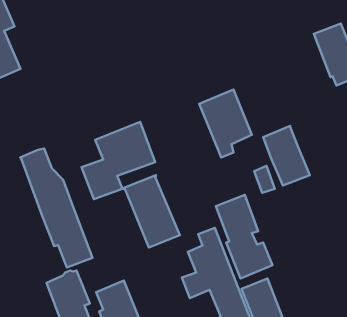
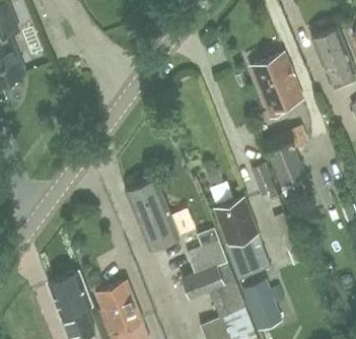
building: [199,89,252,158] -> [251,52,302,119]
building: [81,122,155,199] -> none
building: [20,148,93,268] -> none

